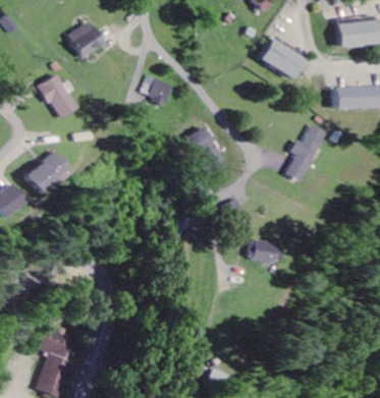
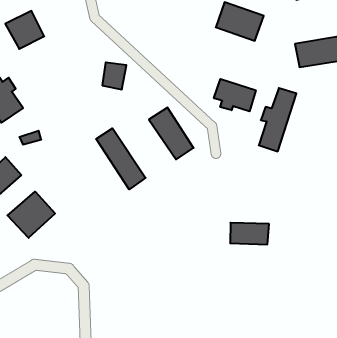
building: none -> [214,79,256,111]
building: none -> [96,128,146,189]
building: none -> [7,192,55,238]

